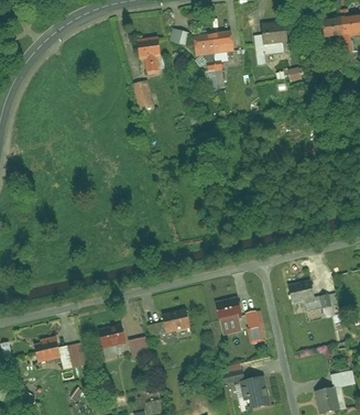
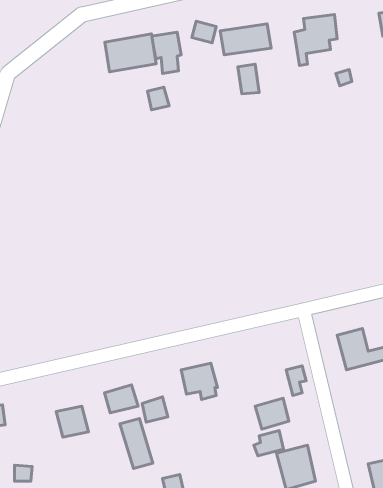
building: none -> [105,34,156,72]
building: [214,297,241,323] -> [255,398,289,429]
building: [33,337,59,362] -> none
building: none -> [120,419,153,468]

